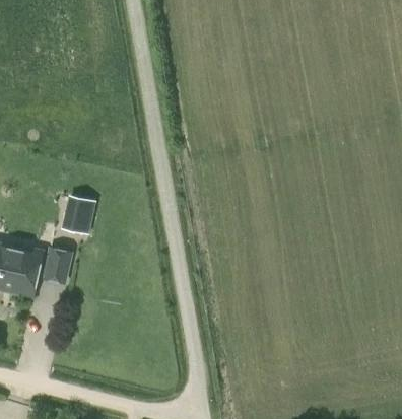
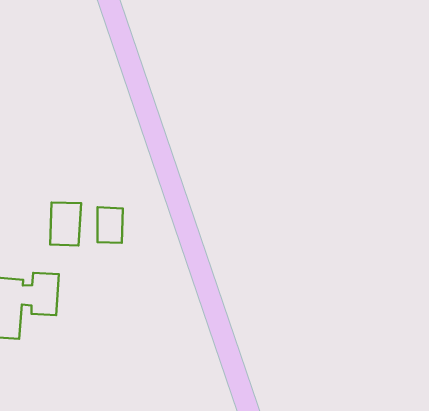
building: none -> [97,207,123,243]

